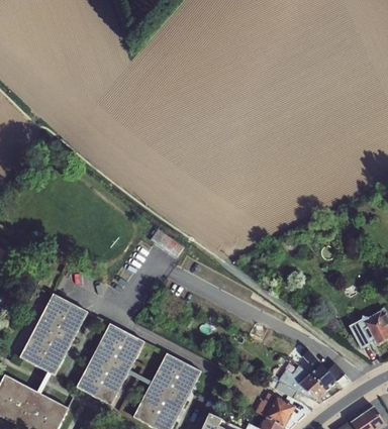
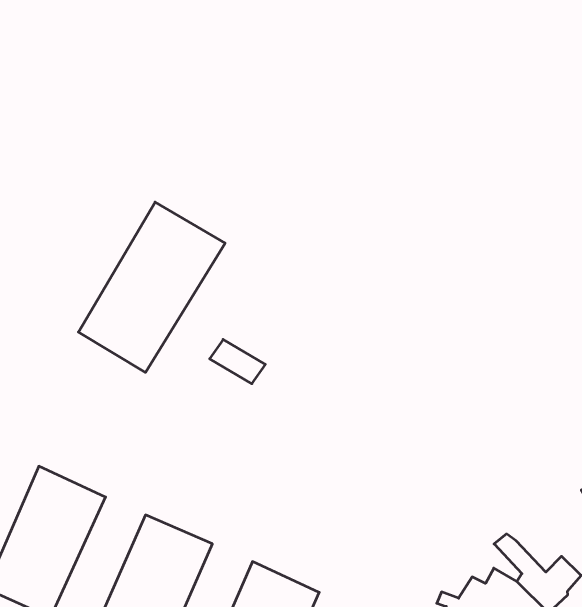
building: none -> [78,202,225,372]

